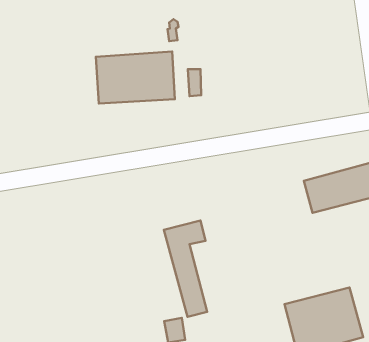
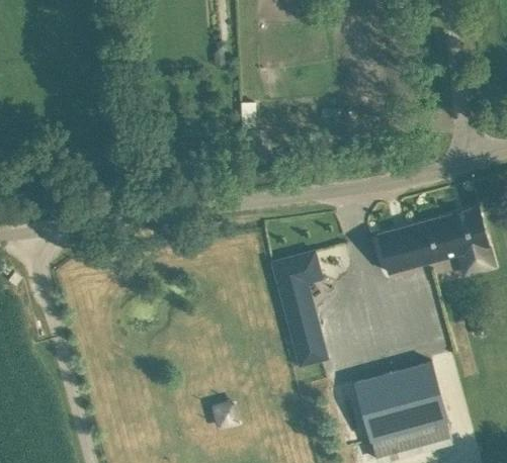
building: [96,52,175,103] -> none
building: [164,220,207,317] -> [273,253,325,368]

